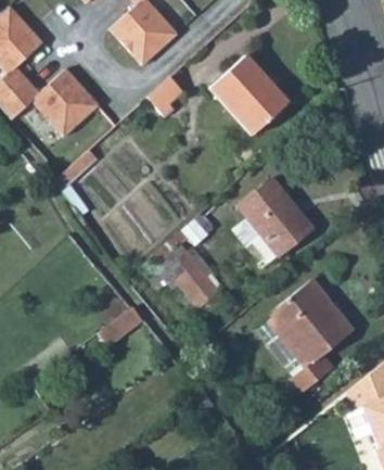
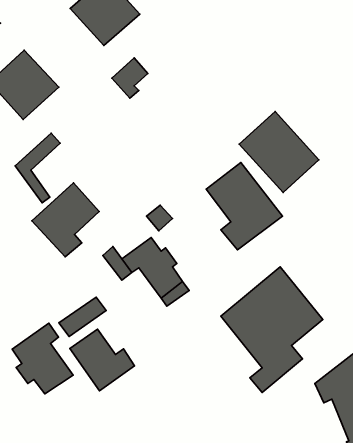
building: [212,55,289,134] -> [239,112,319,192]
building: none -> [32,183,99,257]
building: none -> [12,323,73,394]
building: none -> [70,329,134,391]

